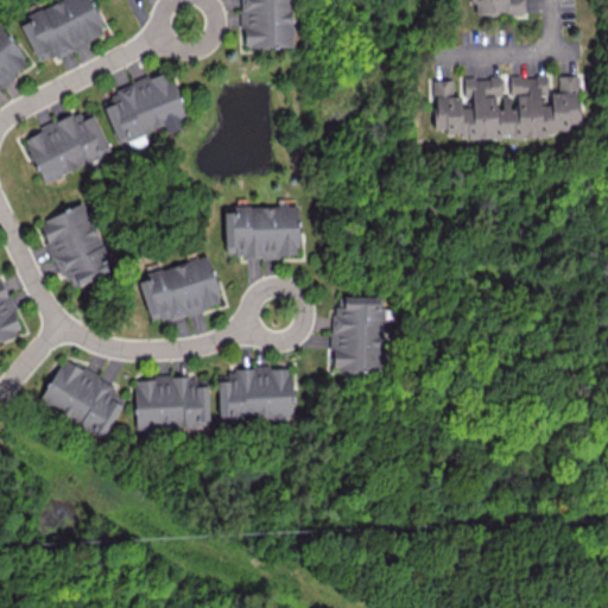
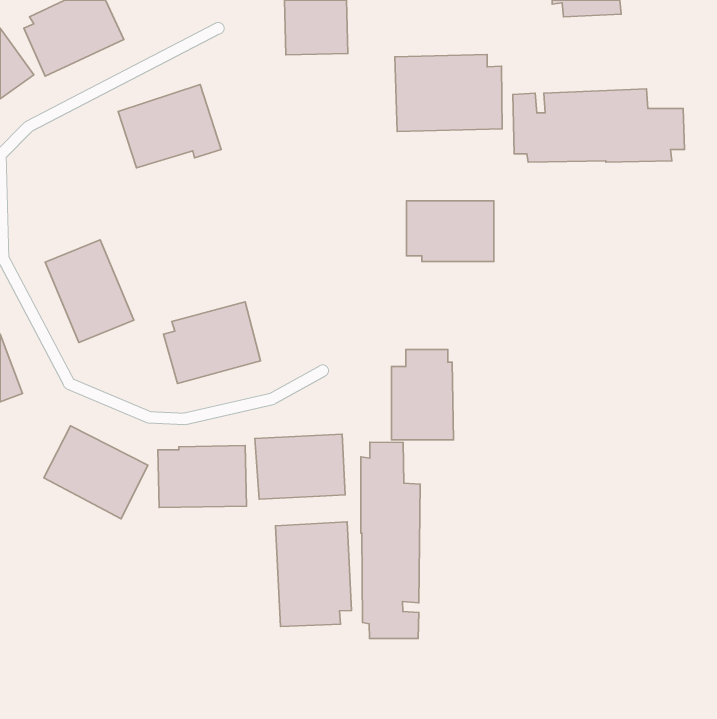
building: none -> [395,54,502,131]
building: [25,108,112,182] -> none
building: [226,207,299,258] -> [406,201,494,262]
building: none -> [361,442,420,638]
building: none -> [276,522,352,626]

